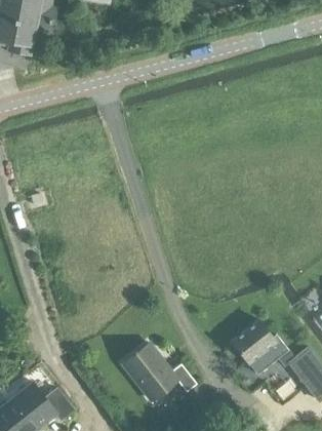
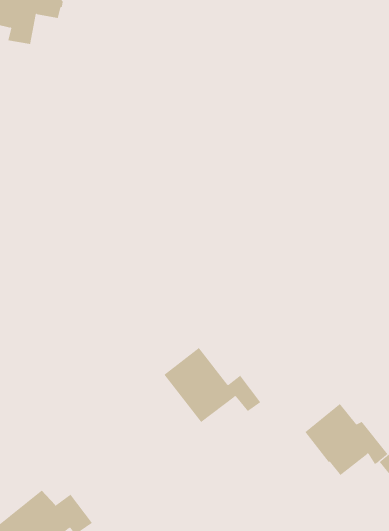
building: [120,342,193,398] -> [164,347,261,423]

